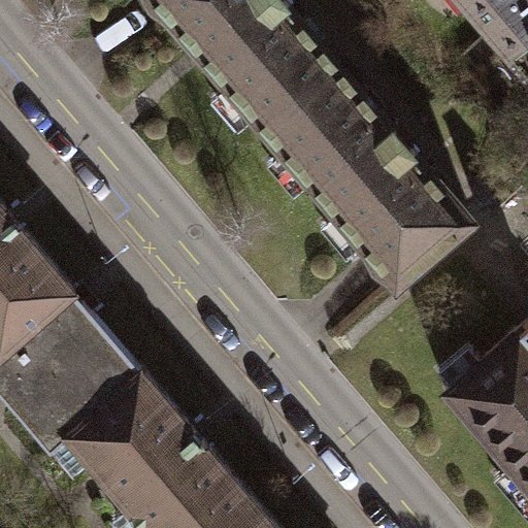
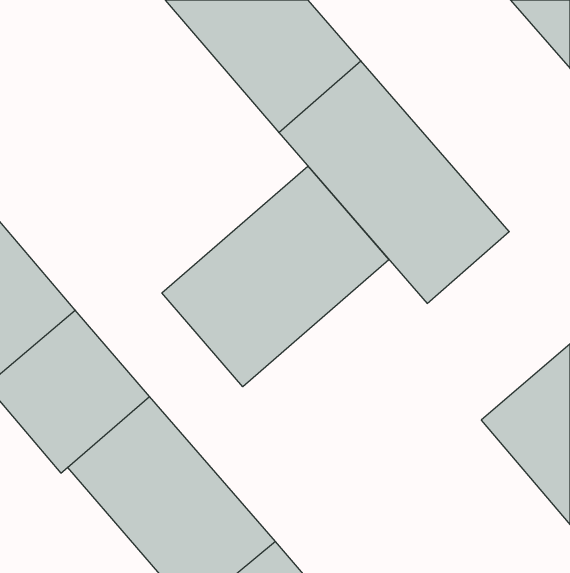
building: none -> [162,166,389,387]

